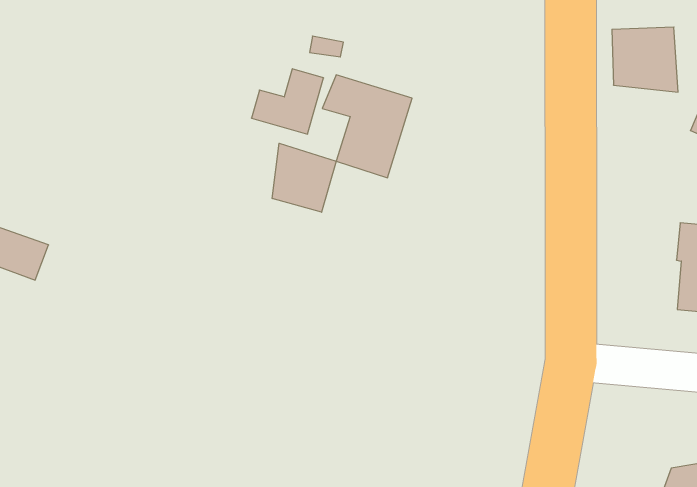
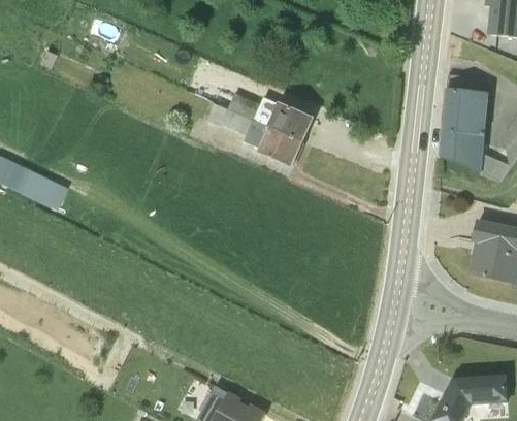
building: none -> [441,126,485,174]
building: [272,143,336,212] -> none

